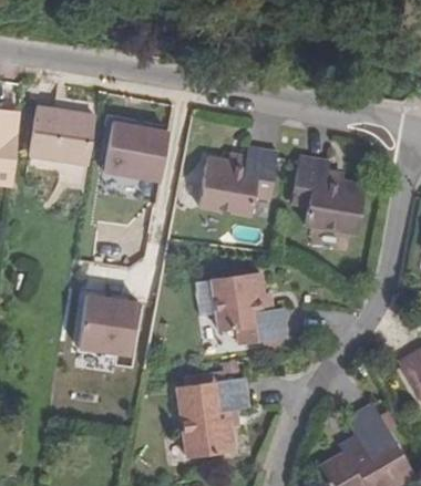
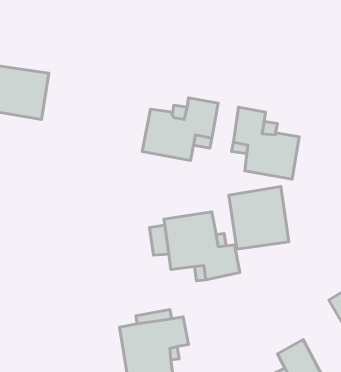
building: [101,116,167,183] -> none
building: none -> [229,187,289,249]
building: [75,291,137,358] -> none

